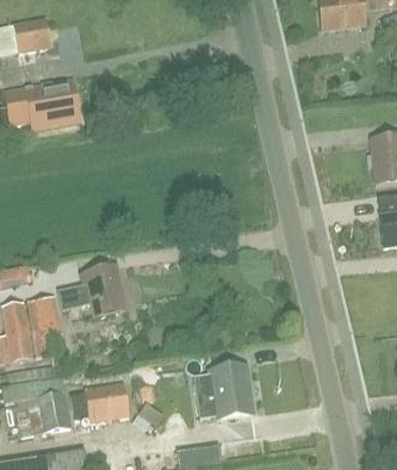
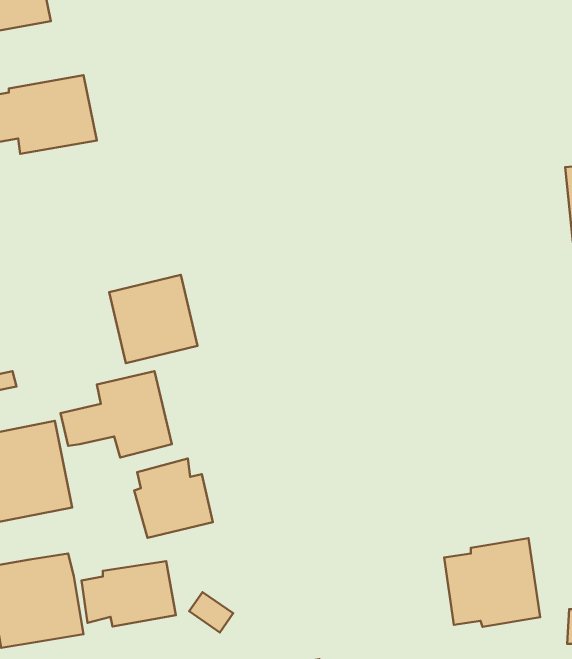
building: none -> [109,275,198,363]
building: none -> [134,459,213,538]
building: [193,364,253,419] -> [444,538,540,627]

